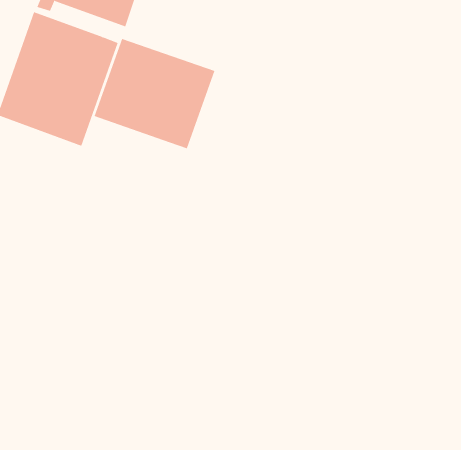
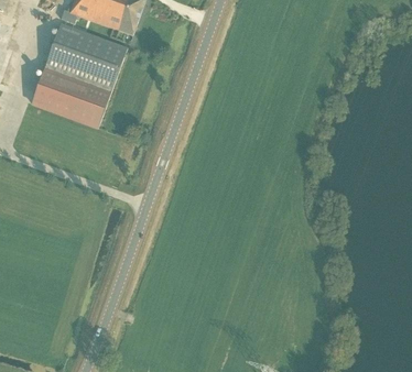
building: [94,38,215,149] -> none

